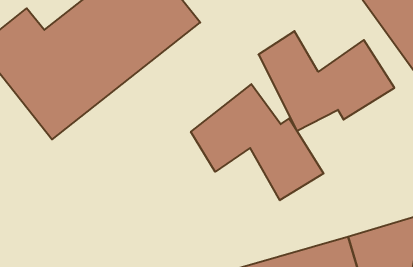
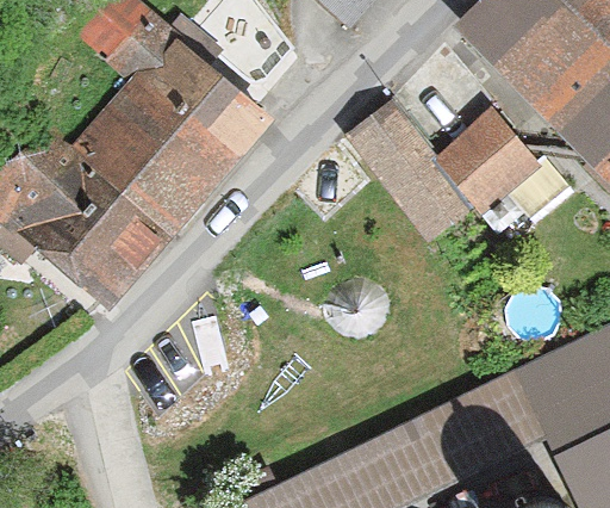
building: [191,84,324,200] -> none

